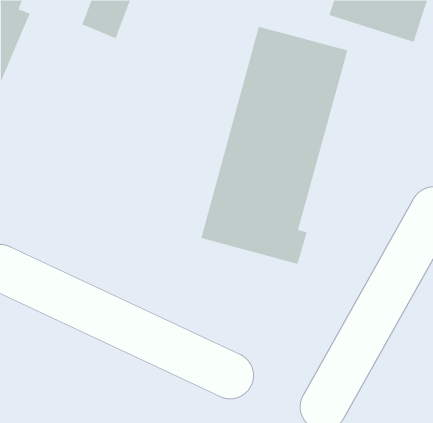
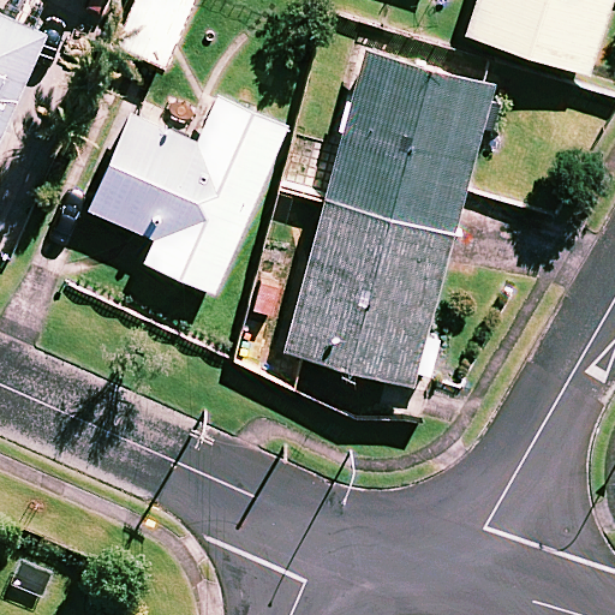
building: none -> [86,97,285,294]

